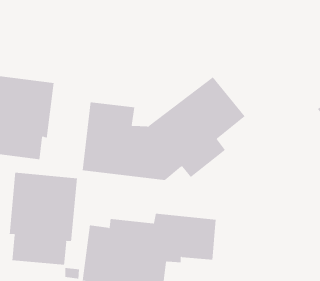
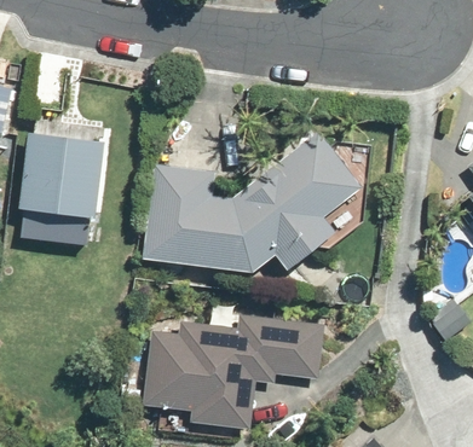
building: [9,172,77,265] -> none

